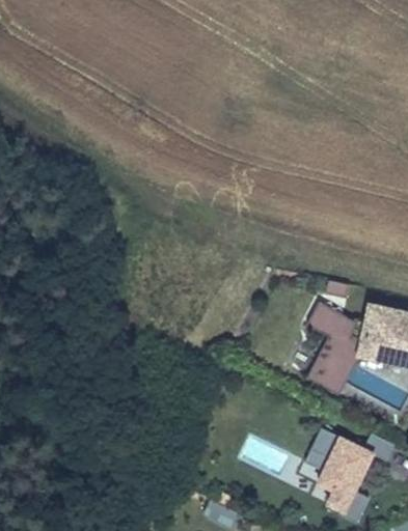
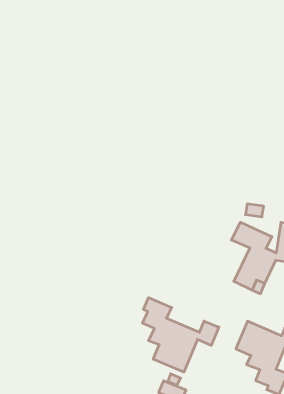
building: none -> [143,298,219,372]

